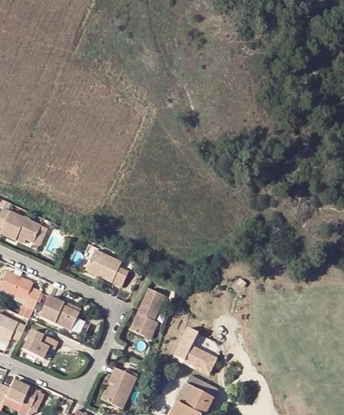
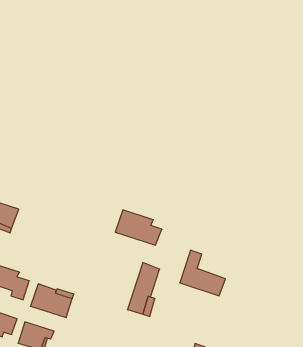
building: [82,250,126,287] -> [115,210,162,245]
building: [173,325,216,371] -> [180,250,225,296]

